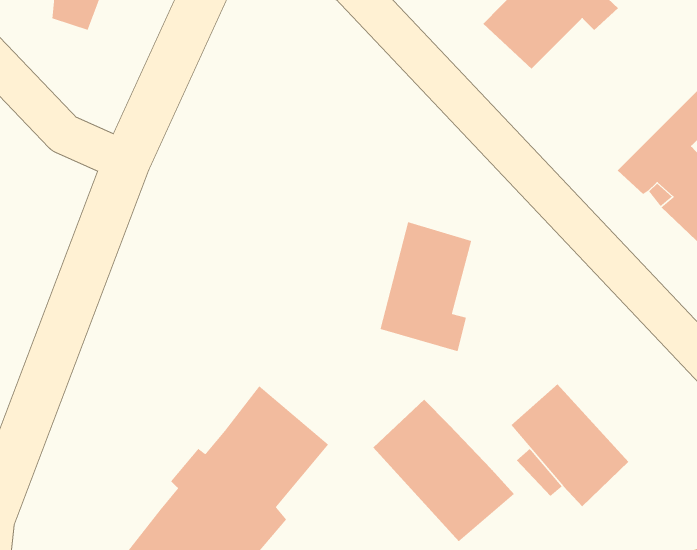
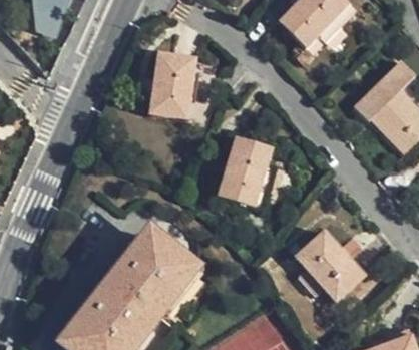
building: none -> [148,51,196,117]
building: [372,399,515,542] -> none

